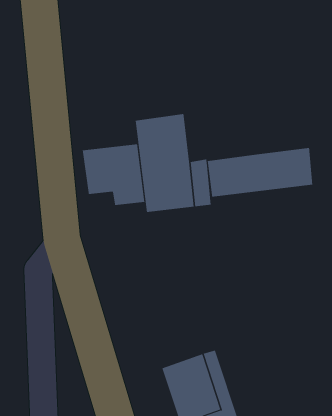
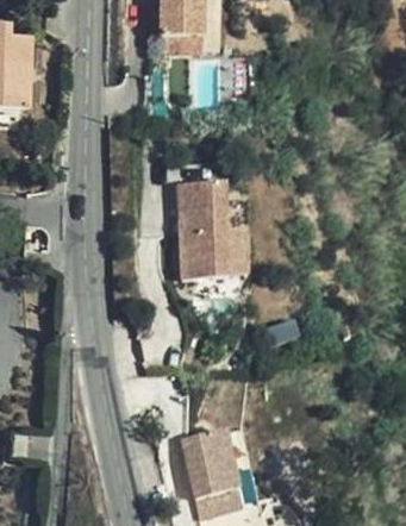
building: [82,143,145,206] -> none
building: [207,147,313,197] -> none

